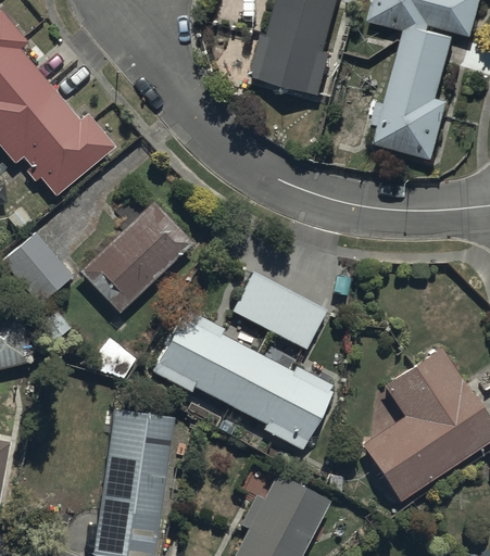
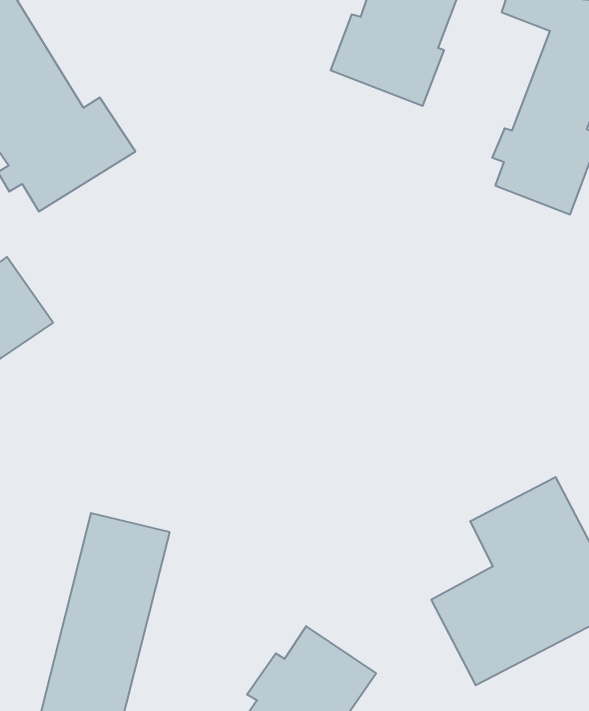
building: [78,198,193,313] -> none
building: [151,270,331,451] -> none

